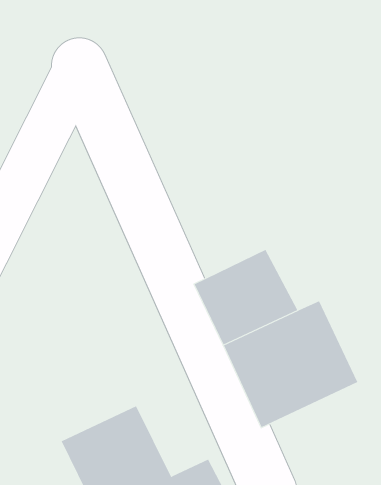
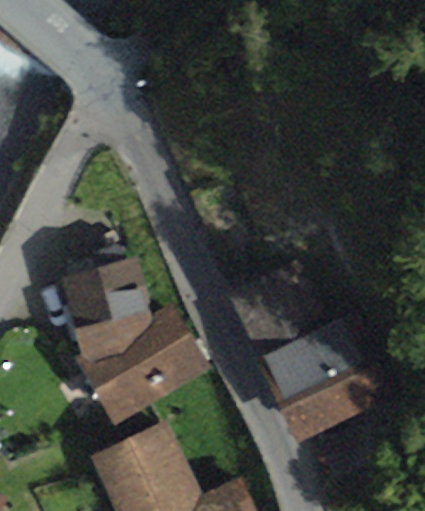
building: none -> [62,260,210,428]

